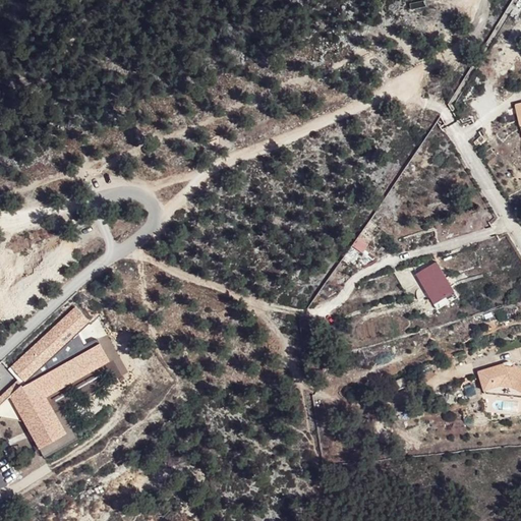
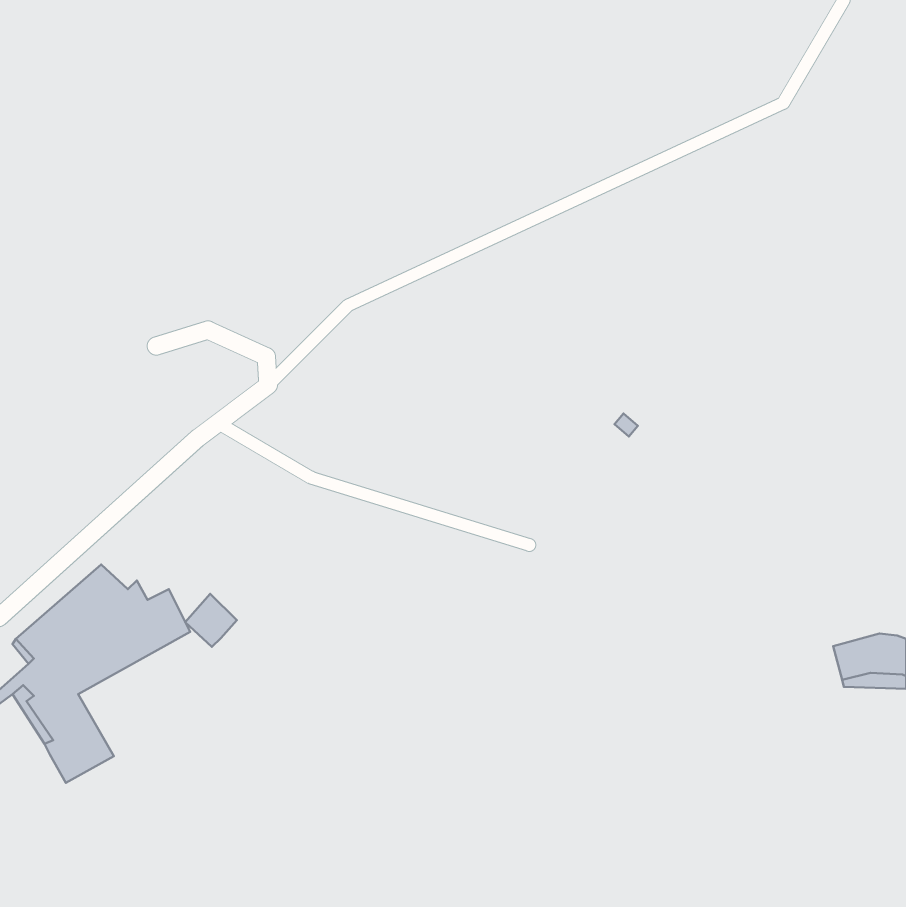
building: [417,260,454,303] -> none
building: [58,307,88,338] -> [185,594,237,647]

